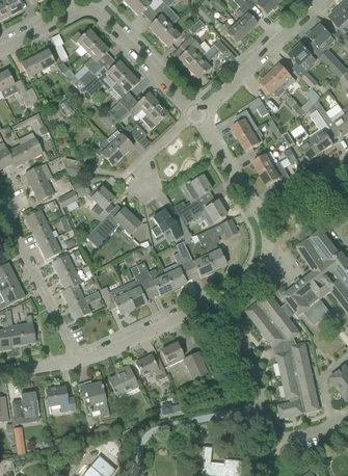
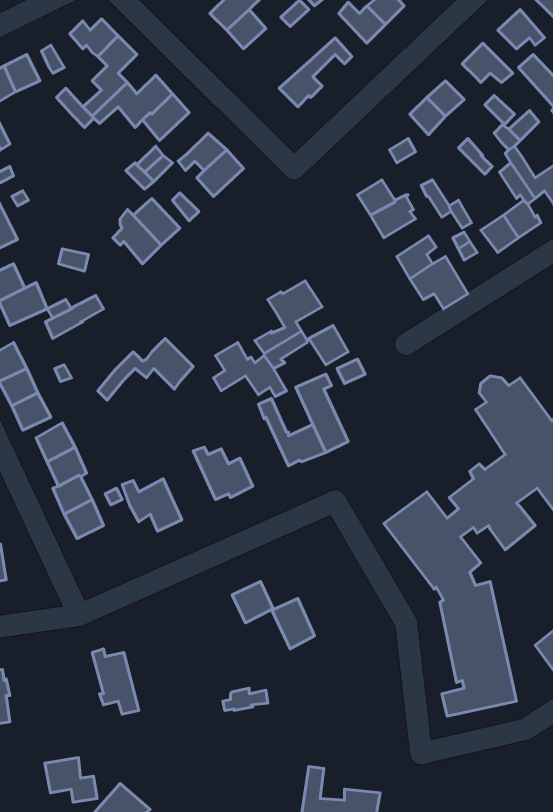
building: [178,35,206,68] -> none
building: [91,186,113,220] -> none
building: [163,250,192,289] -> none
building: [123,264,152,308] -> none
building: [135,354,166,378] -> none
building: [108,365,137,395] -> none
building: [46,386,75,411] -> [45,757,97,802]

